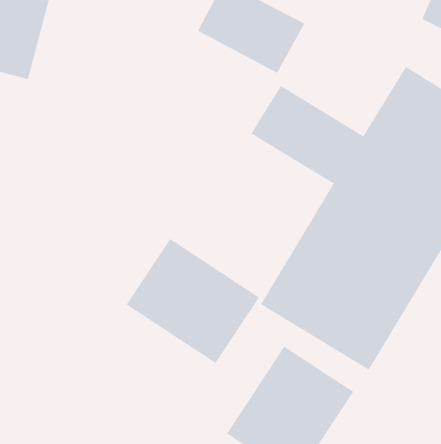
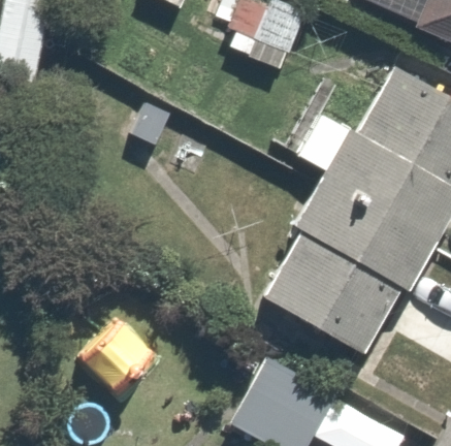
building: [126,238,260,364] -> none

